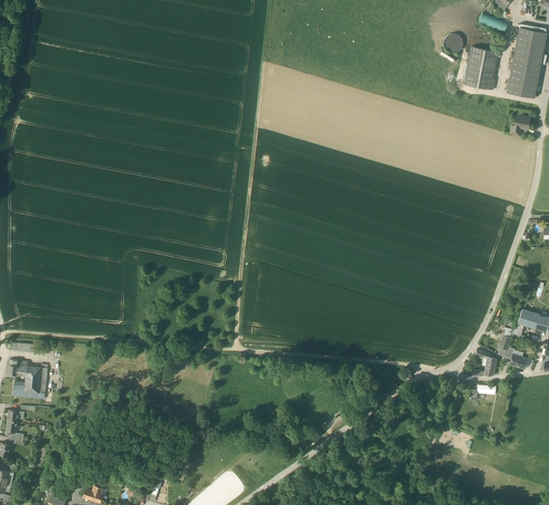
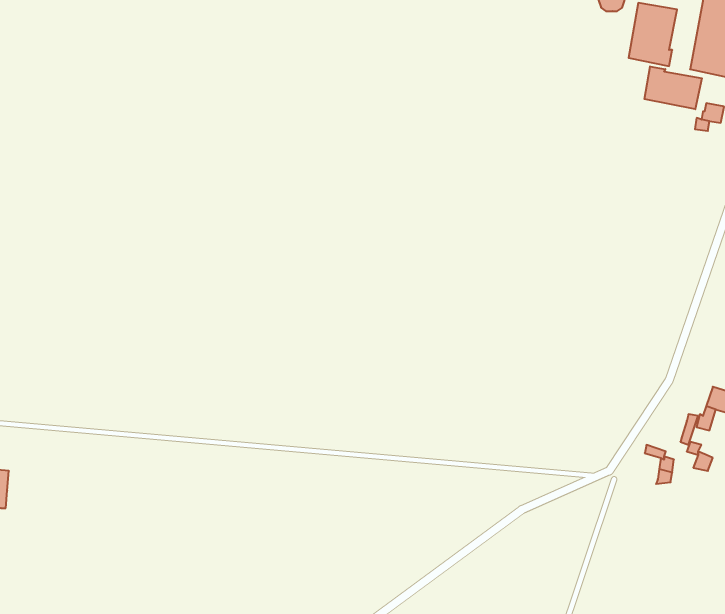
building: none -> [644,66,702,109]

